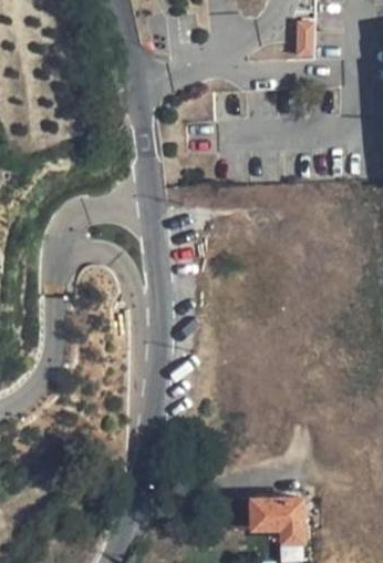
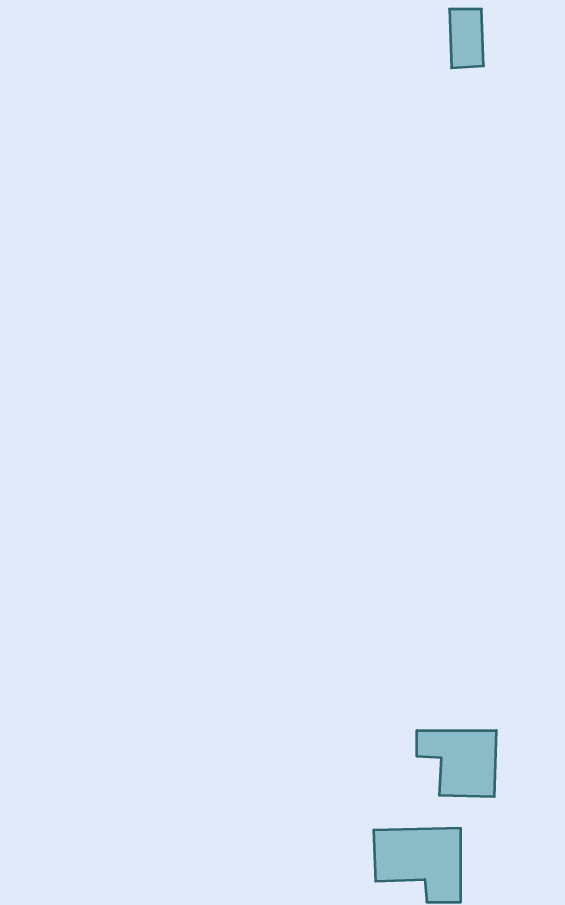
building: none -> [417,730,496,797]

